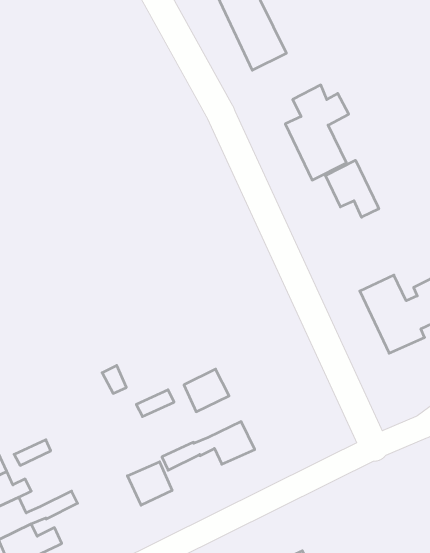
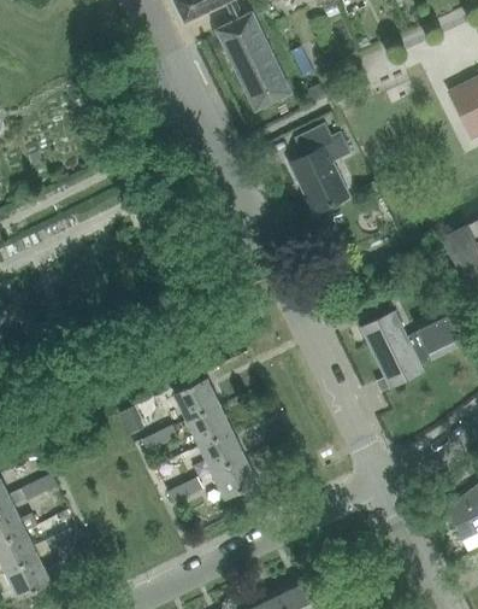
building: [326,160,379,217] -> none
building: none -> [175,377,219,420]
building: none -> [200,431,244,472]
building: [127,462,172,505] -> none

